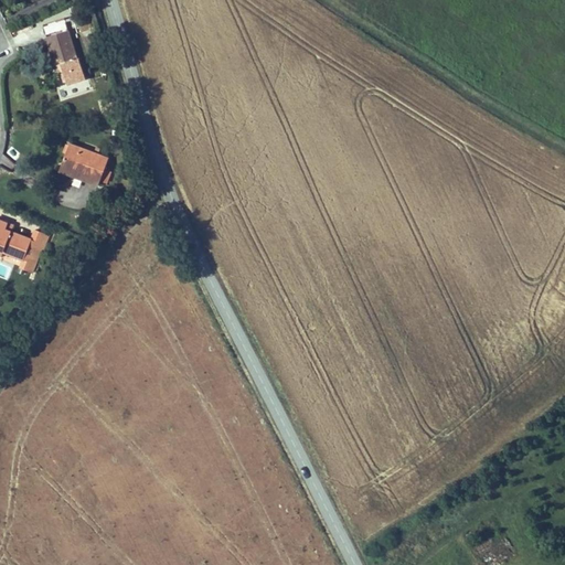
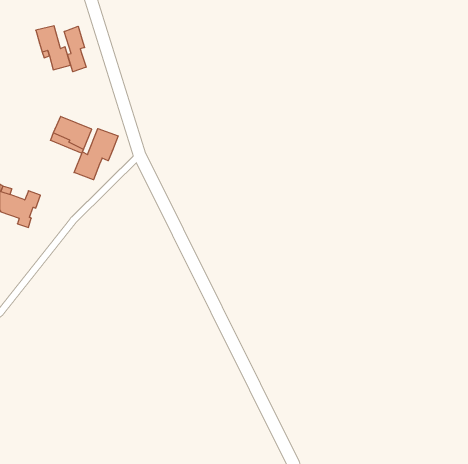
building: none -> [64,26,86,72]
building: none -> [74,129,118,180]

